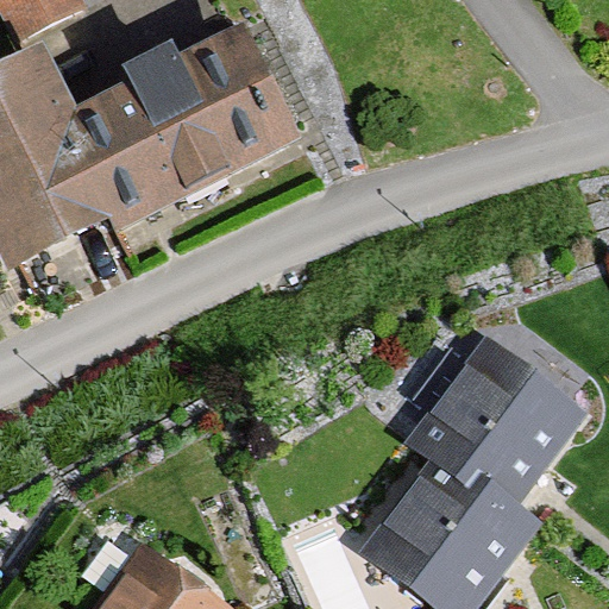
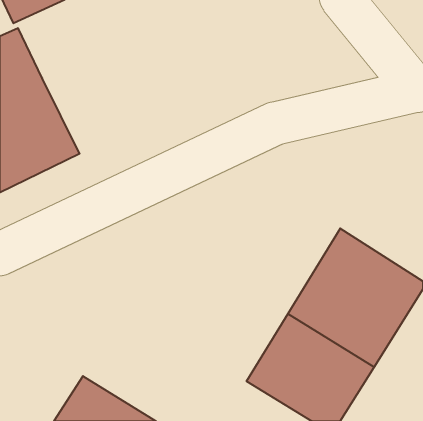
building: [61,31,283,220] -> none

